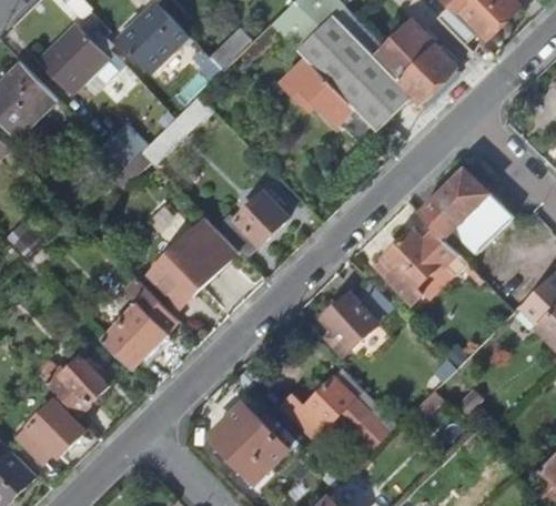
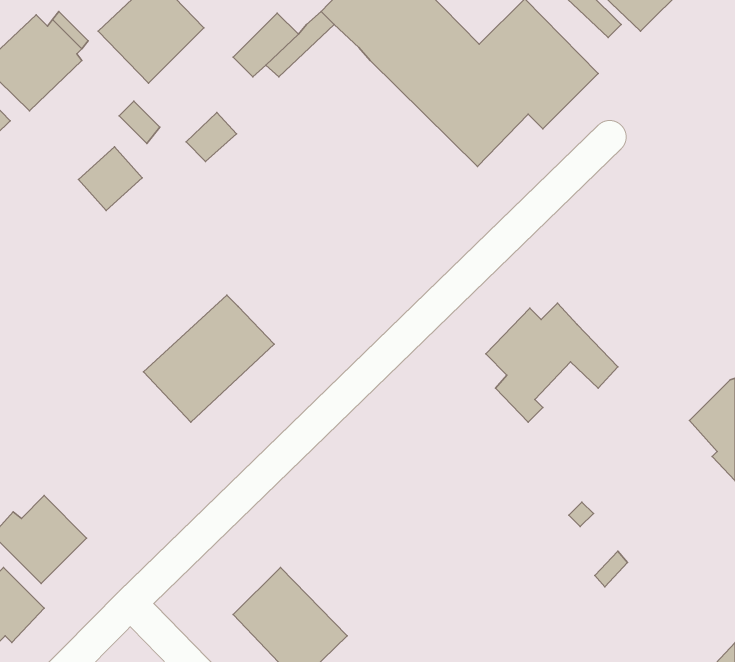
building: [281,59,381,152] -> none
building: [418,175,510,251] -> none
building: [212,192,287,260] -> none
building: [322,276,393,355] -> none
building: [104,286,181,365] -> none
building: [281,372,395,455] -> none

